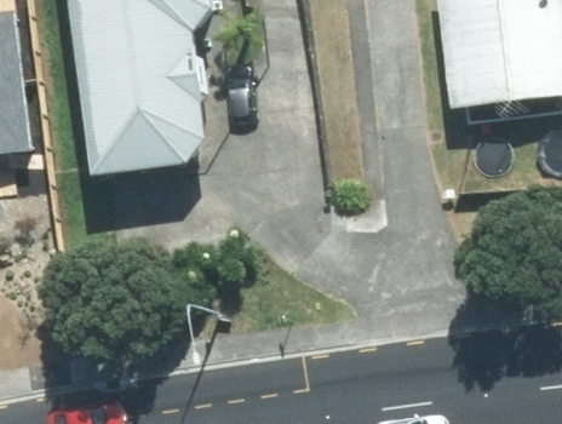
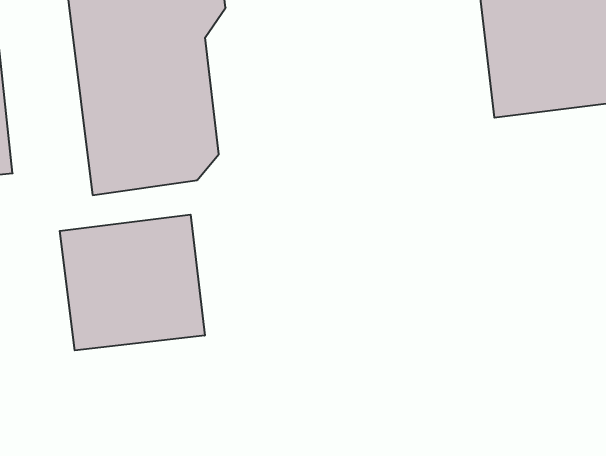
building: none -> [60,215,205,350]

